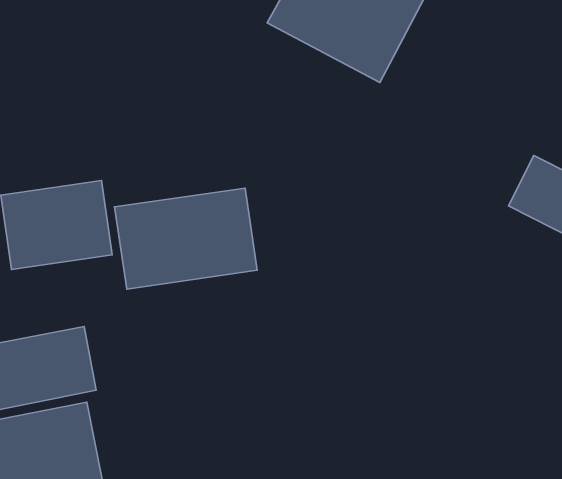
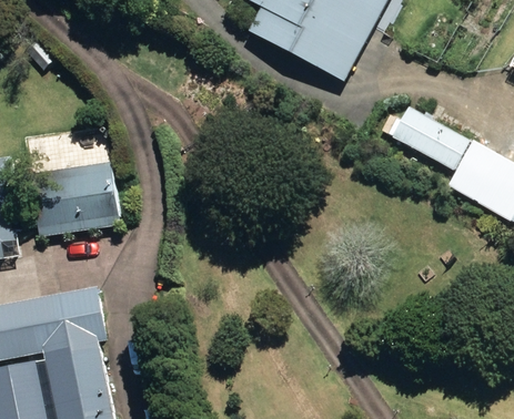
building: none -> [391,106,468,171]
building: [115,188,257,289] -> none

